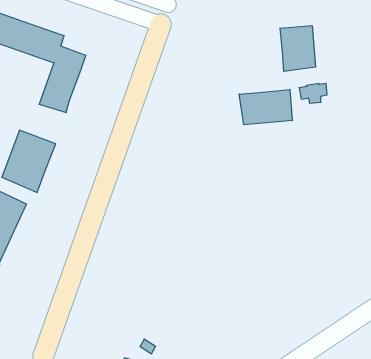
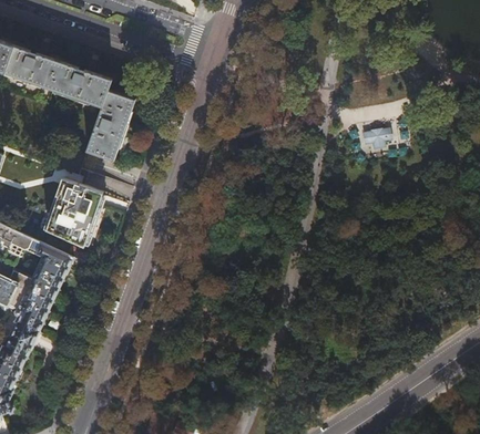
building: [280,26,316,72] -> none
building: [239,89,292,125] -> none

